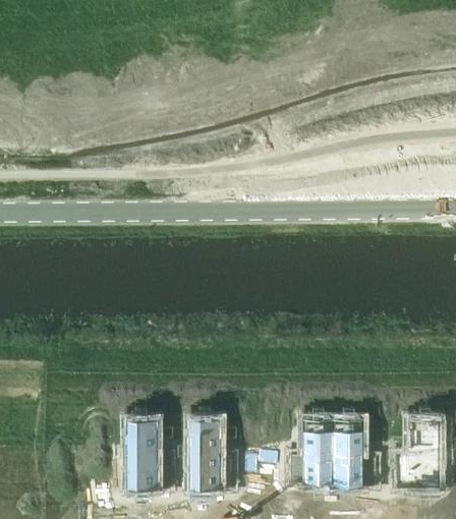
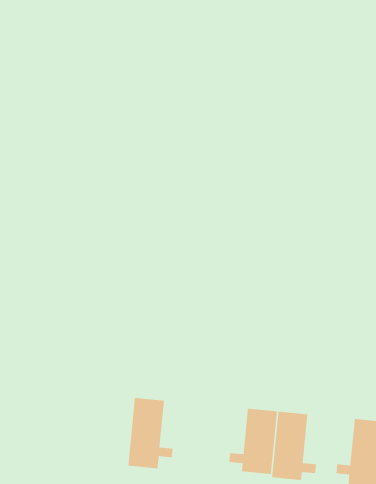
building: [129,418,173,487] -> none

